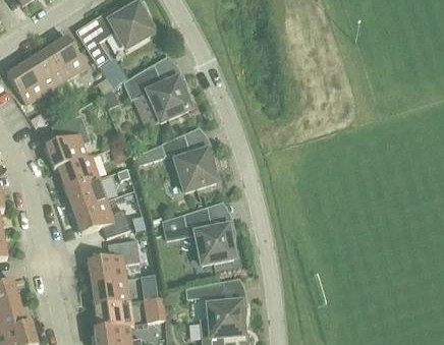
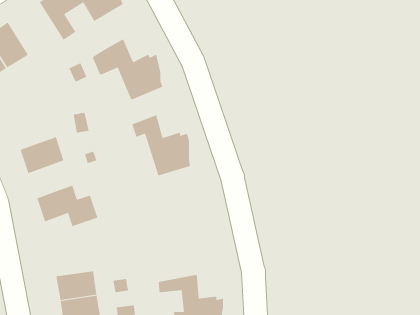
building: [47,37,86,79] -> none
building: [45,115,90,170] -> none
building: [65,177,107,212] -> none
building: [163,207,234,265] -> none
building: [88,240,140,284] -> none

